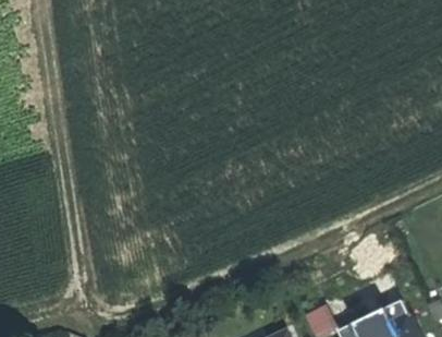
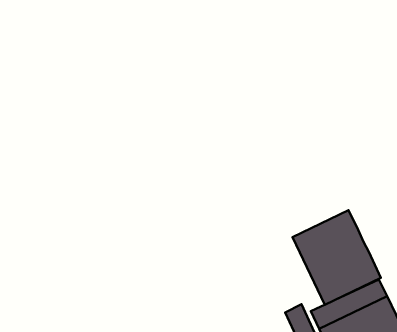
building: none -> [293,210,381,305]

